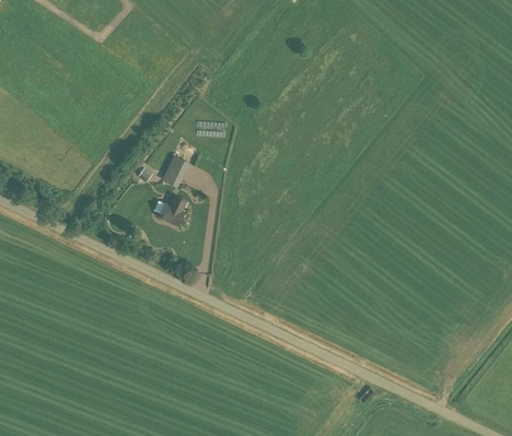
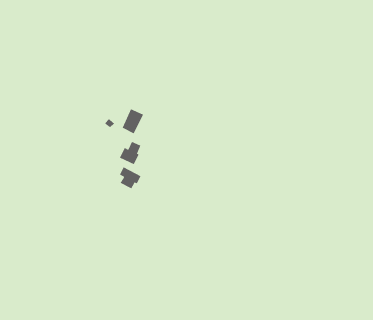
building: none -> [119,166,141,189]

